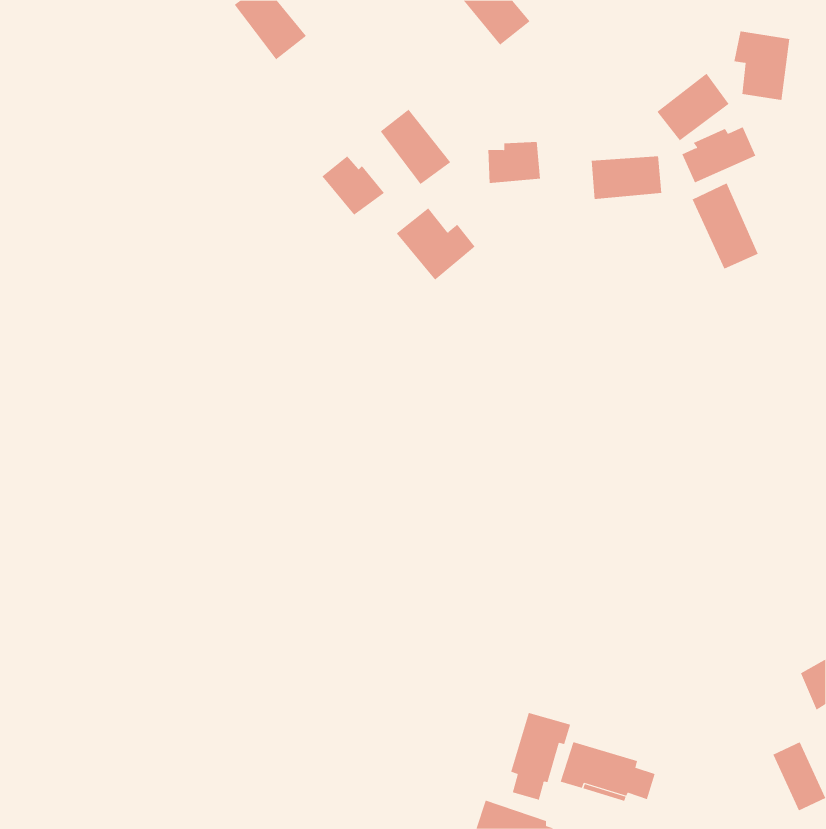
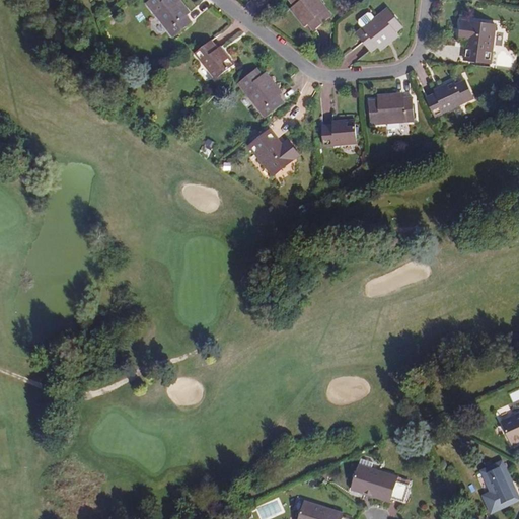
building: [657,73,730,141] -> [356,6,401,49]
building: [487,141,541,184] -> [320,120,354,146]
building: [321,156,385,216] -> [195,41,234,78]
building: [692,182,758,270] -> none
building: [511,712,571,801] -> none

